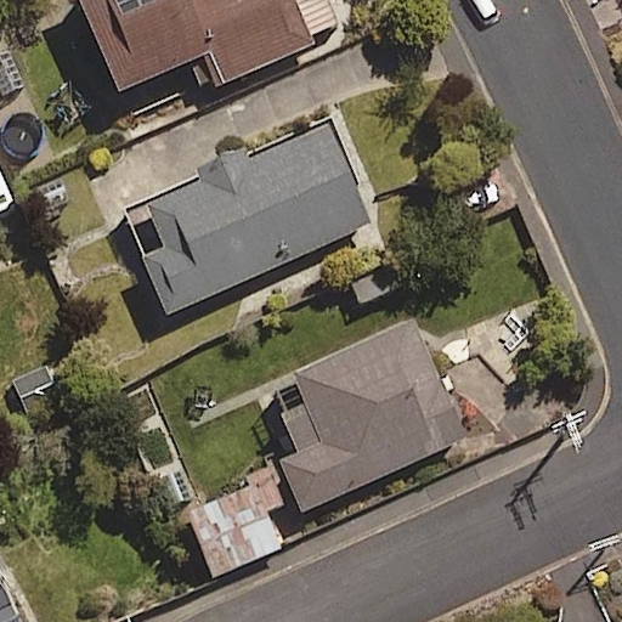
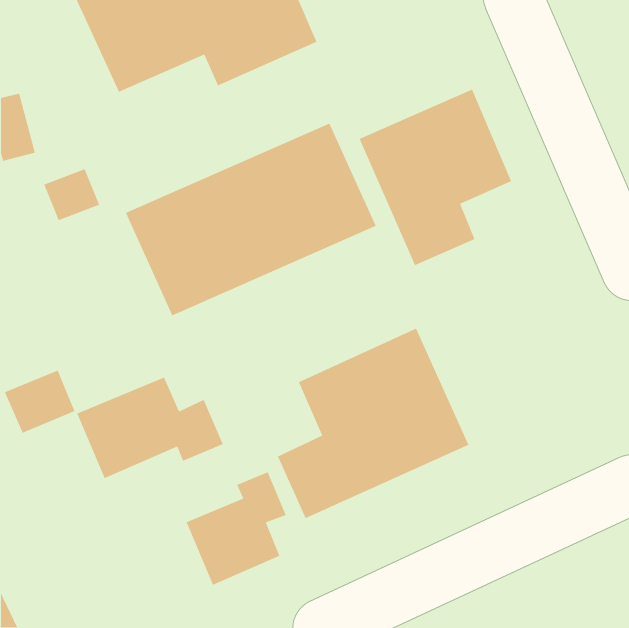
building: none -> [358,89,512,266]
building: none -> [76,377,224,479]

